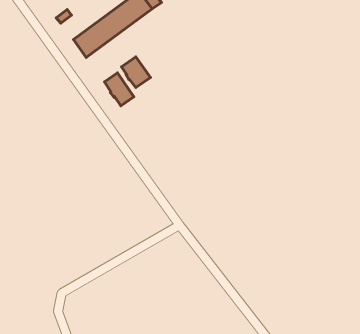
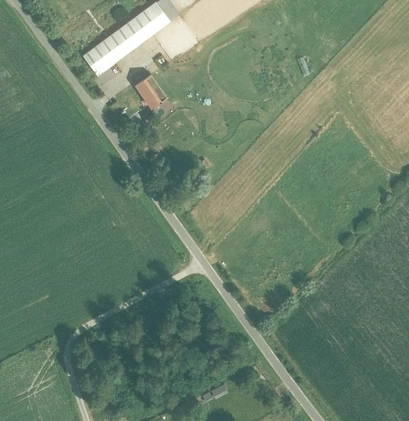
building: [105,73,134,106] -> none

